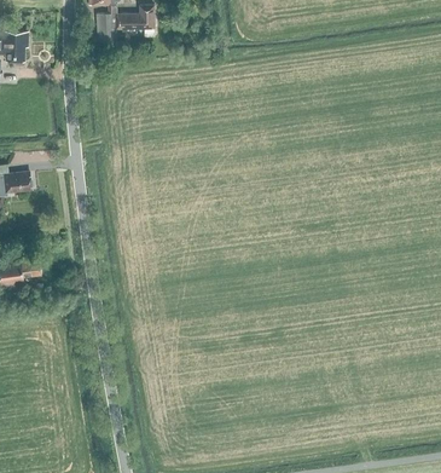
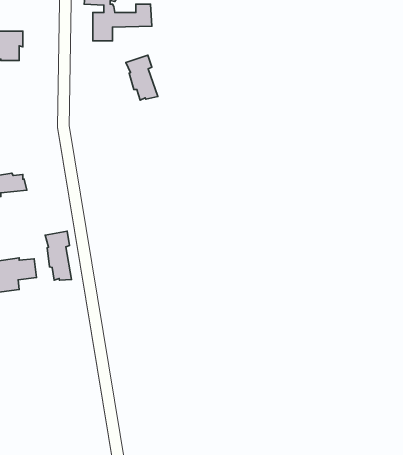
building: none -> [126,55,158,100]
building: none -> [45,231,72,280]

